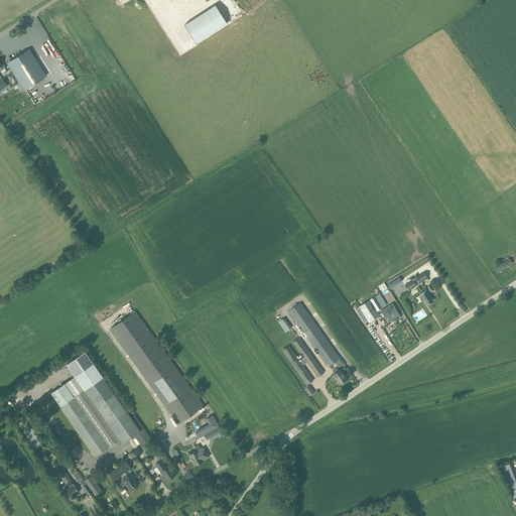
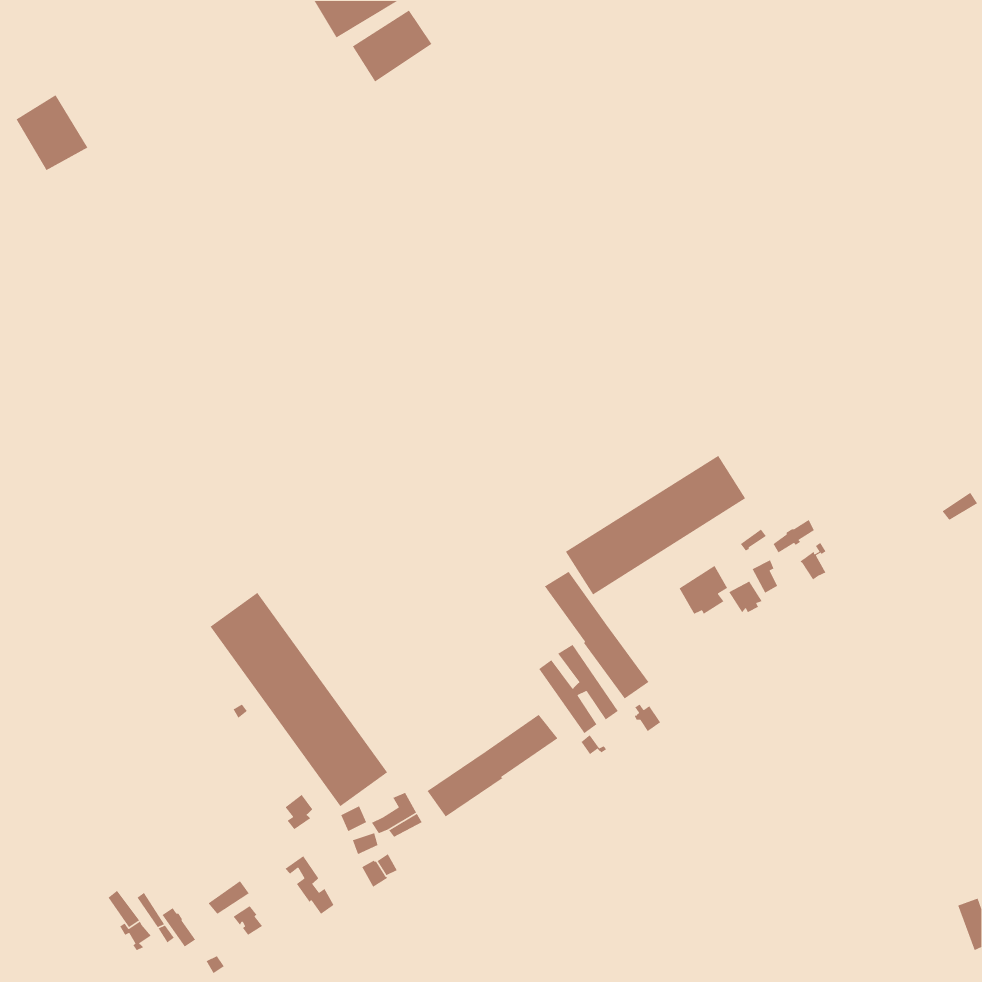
building: none -> [565,455,746,596]
building: [51,351,152,456] -> none
building: none -> [426,714,558,817]

